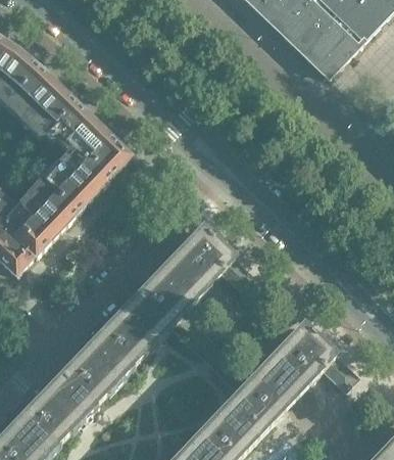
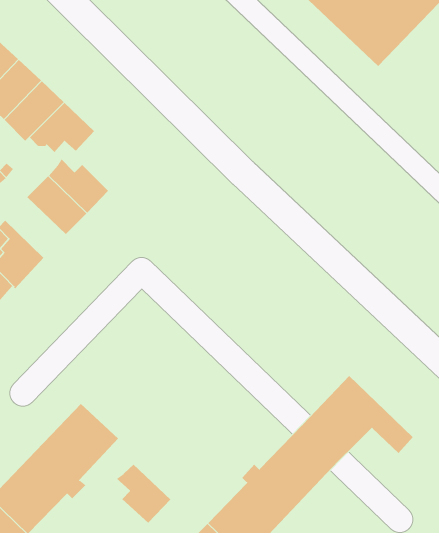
building: [65,128,128,176] -> none
building: [26,181,75,230] -> none
building: [87,227,253,376] -> none
building: none -> [115,464,171,523]

